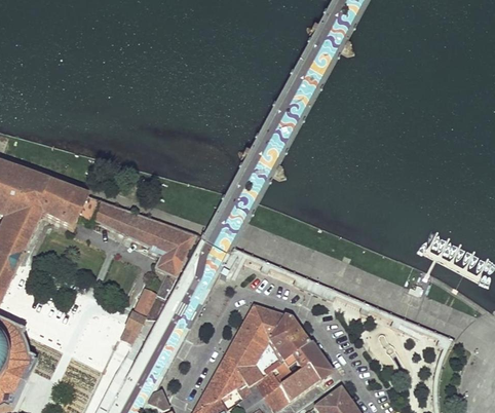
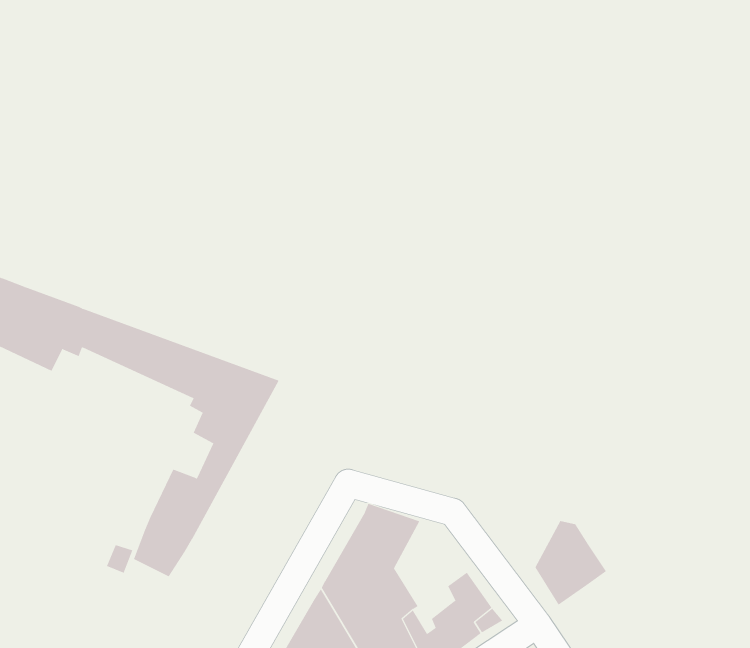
building: [269,314,310,363] -> [535,521,607,605]

